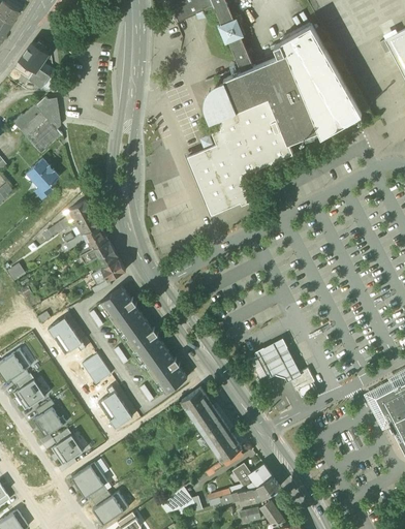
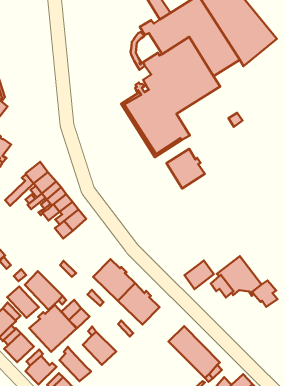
building: [210,83,238,116] -> none
building: none -> [166,149,205,188]
building: [101,286,145,333] -> none
building: none -> [7,286,39,318]
building: none -> [184,260,214,289]
building: none -> [29,305,77,352]
building: [182,387,211,415] -> none
building: none -> [59,347,91,381]

